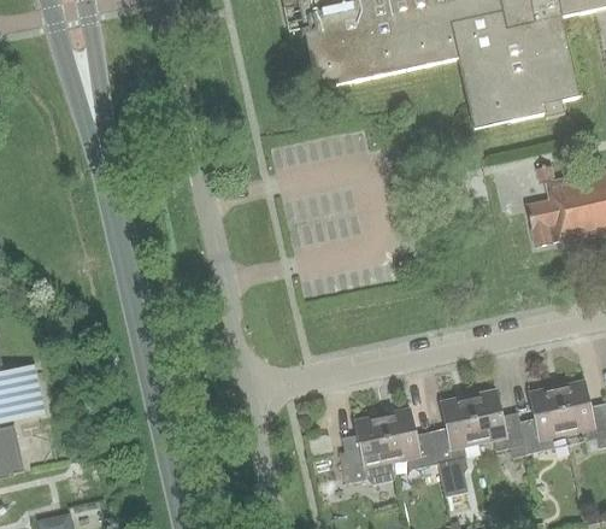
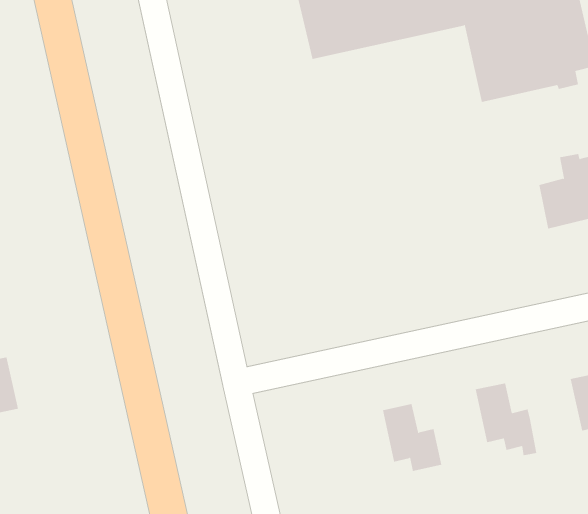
building: [518,384,565,453] -> none
building: [429,394,477,496] -> none
building: [340,413,394,484] -> none

